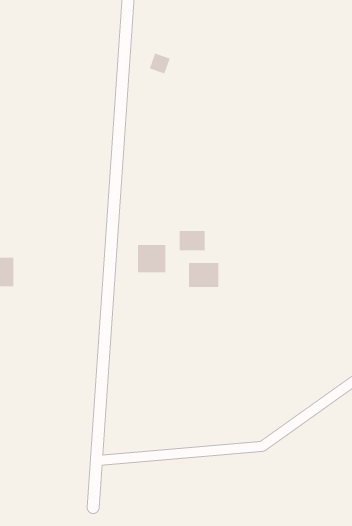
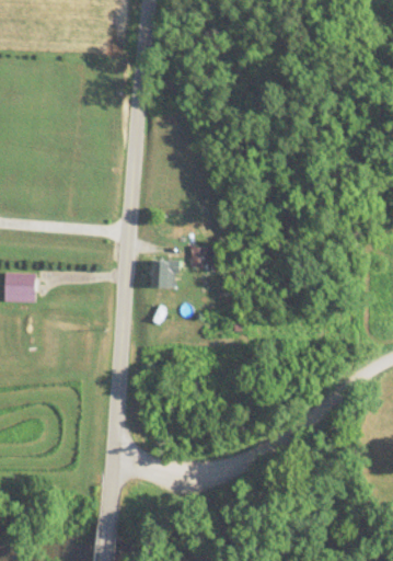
building: [188,262,219,288] -> none

